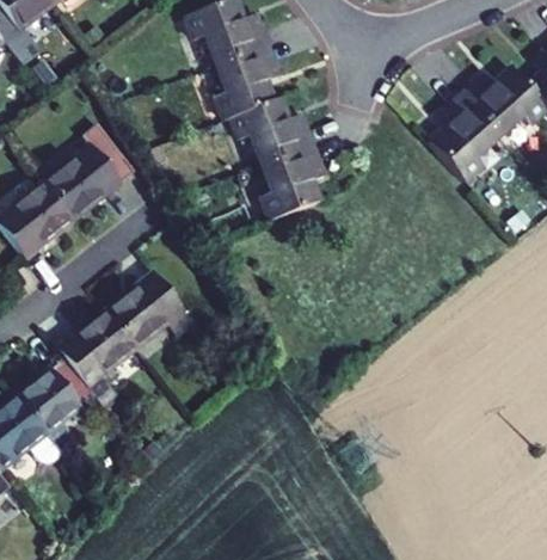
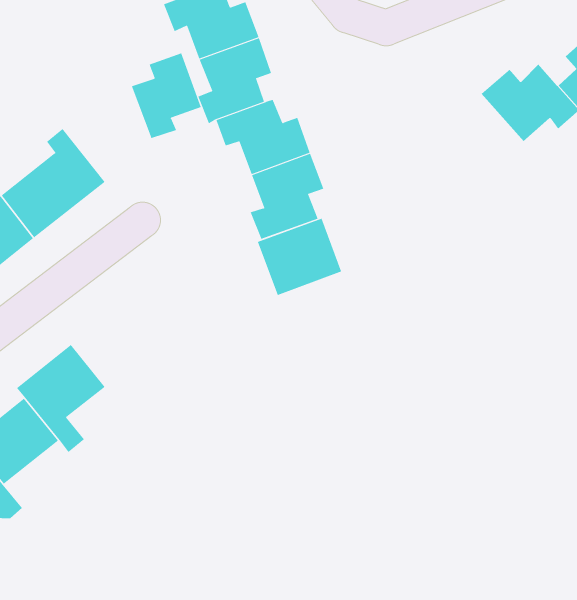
building: none -> [131,53,202,139]
building: [428,94,497,181] -> none
building: none -> [257,218,342,296]
building: [104,273,192,349] -> none

